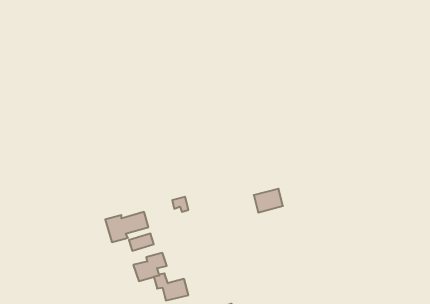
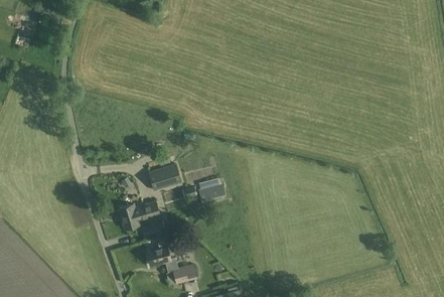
building: none -> [148,163,179,189]
building: [254,189,283,212] -> [197,182,225,204]

